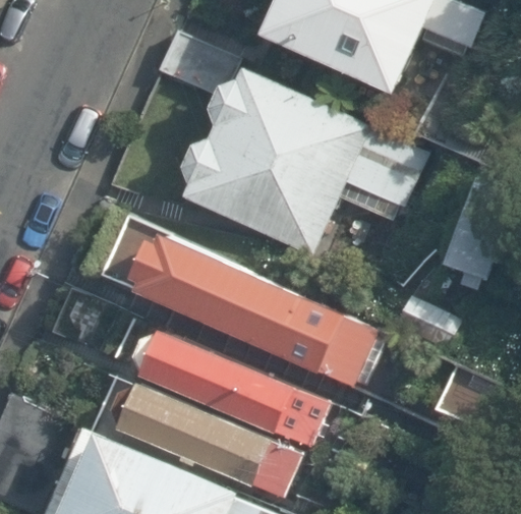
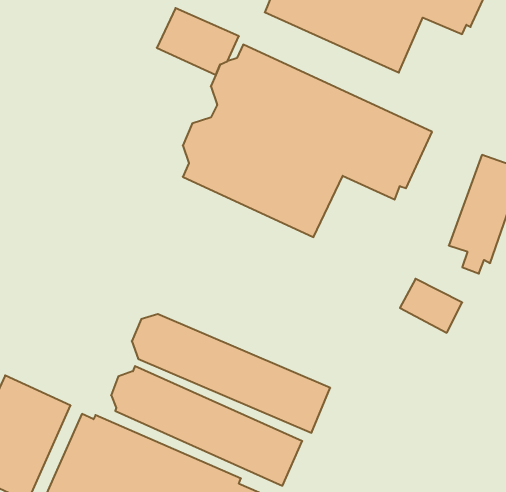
building: [128,227,384,376] -> none

